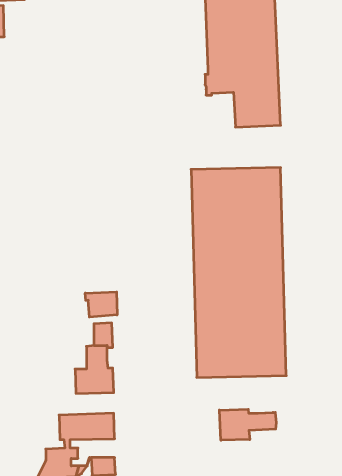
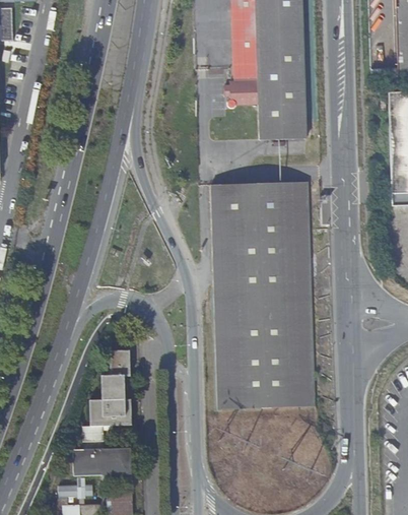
building: [85,292,117,317] -> none
building: [219,409,276,440] -> none

